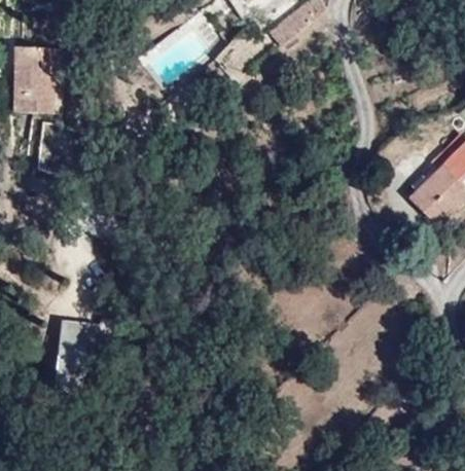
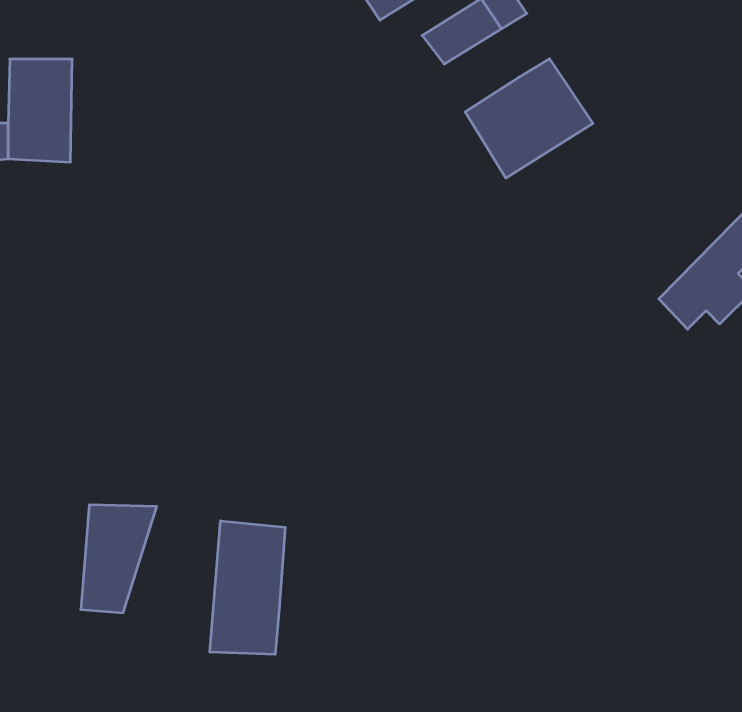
building: none -> [465,59,593,178]
building: none -> [210,521,285,654]

